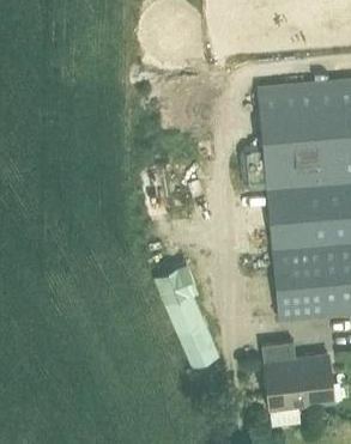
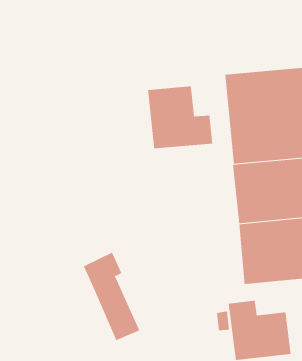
building: none -> [148,86,213,149]
building: [153,267,218,367] -> [83,252,140,341]

